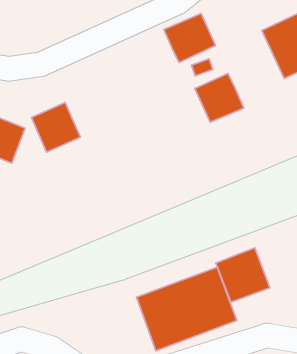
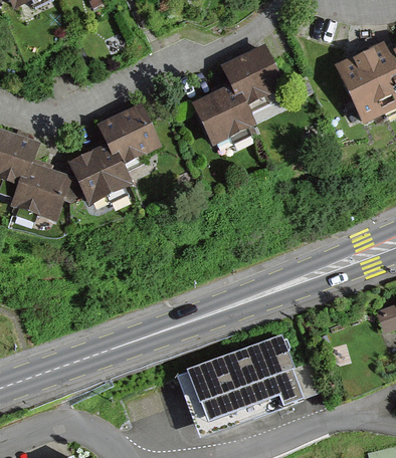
building: none -> [100,106,159,162]
building: [195,73,244,122] -> [195,88,250,144]
building: [216,248,270,302] -> none

